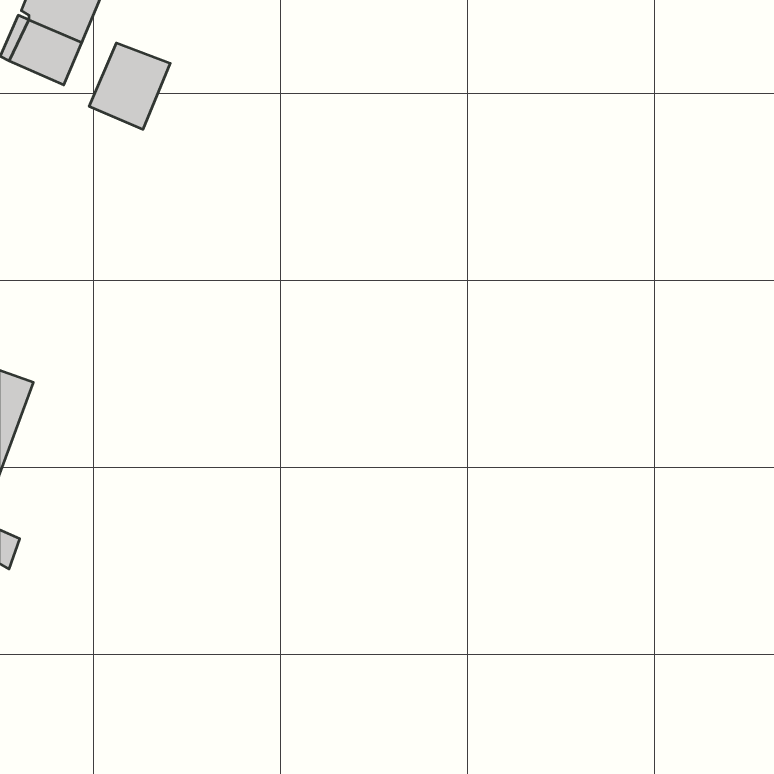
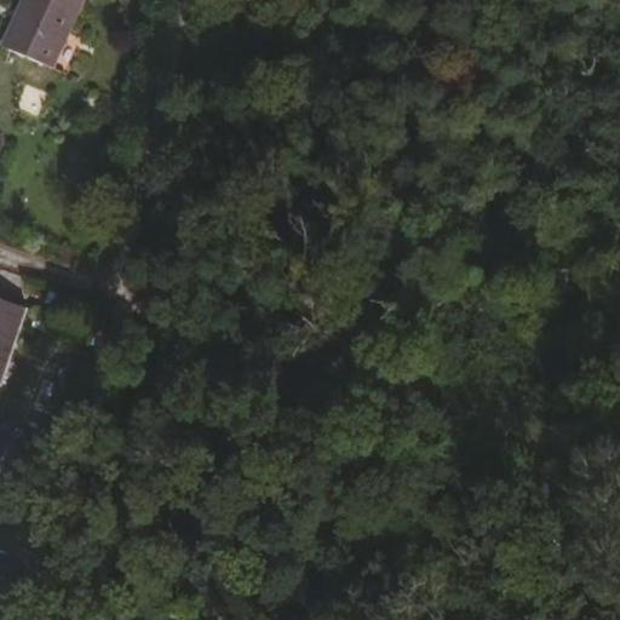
building: [89,43,170,129] -> none

